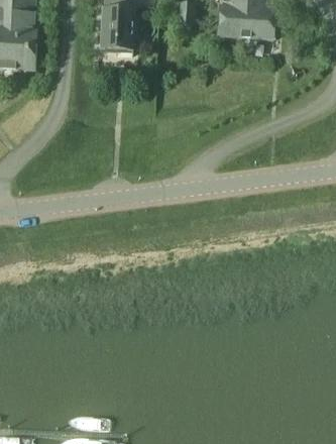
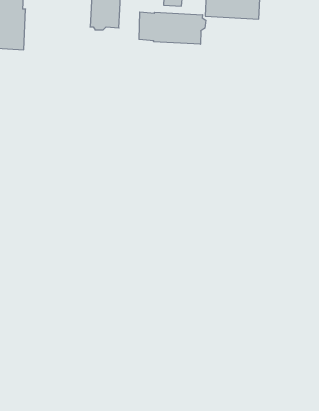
building: none -> [139,12,206,44]

